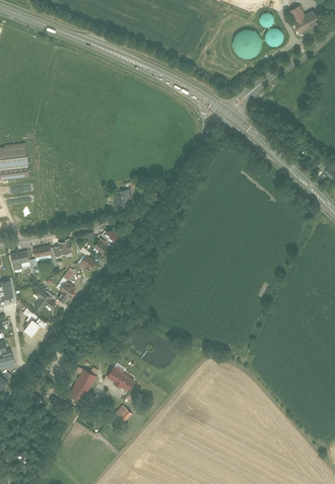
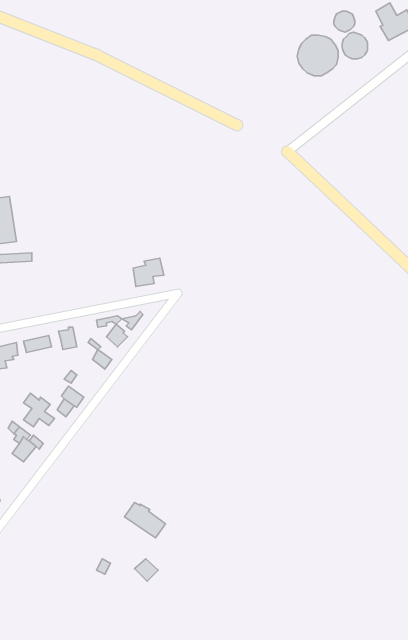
building: [68,368,96,400] -> none

